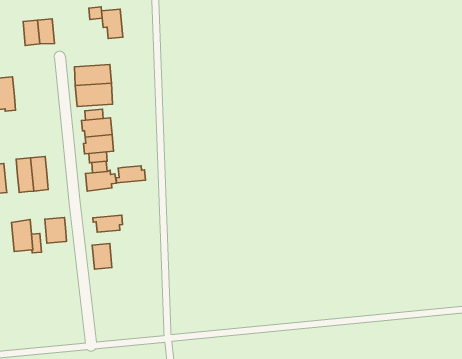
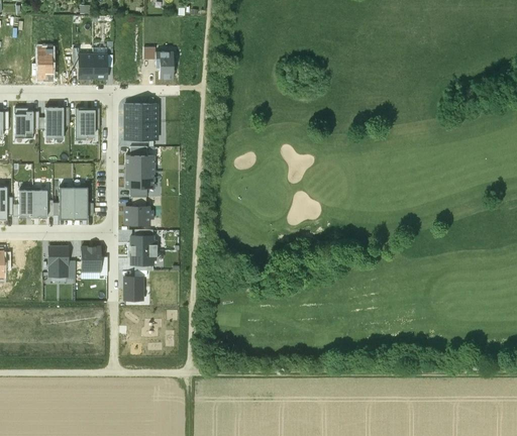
building: none -> [76,108,94,139]
building: [116,166,146,183] -> [128,236,157,250]

